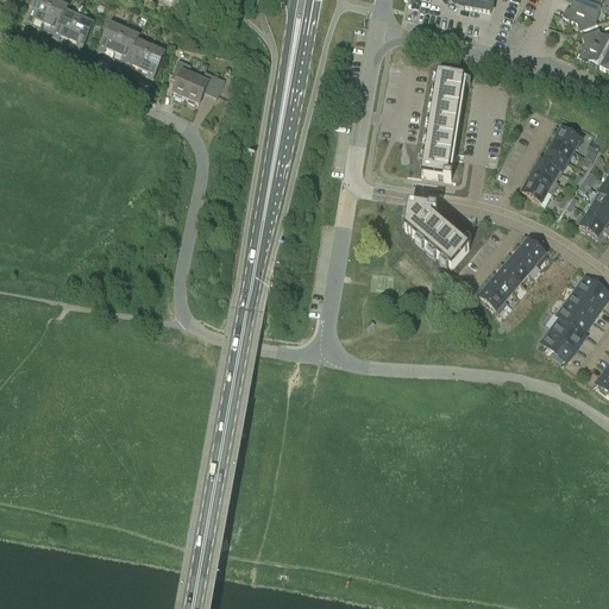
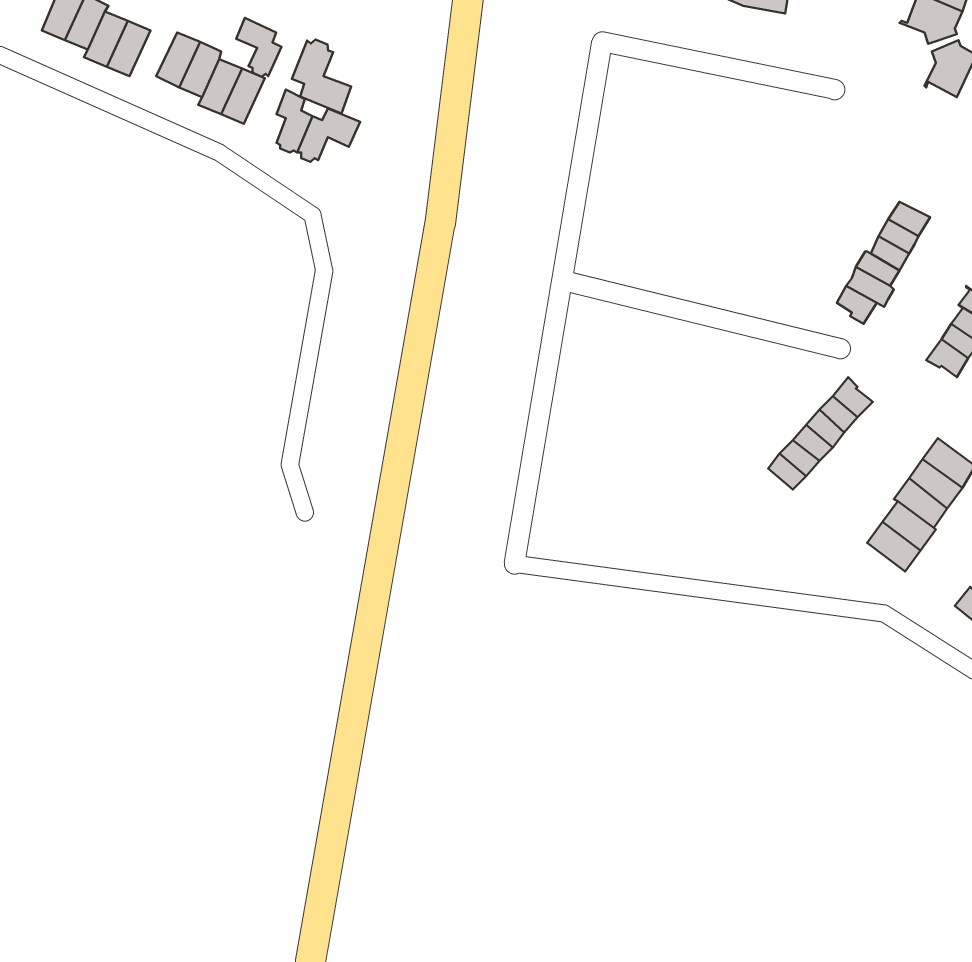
building: none -> [236,18,282,77]
building: none -> [292,40,351,114]
building: [422,69,465,180] -> none
building: [407,201,471,266] -> none

